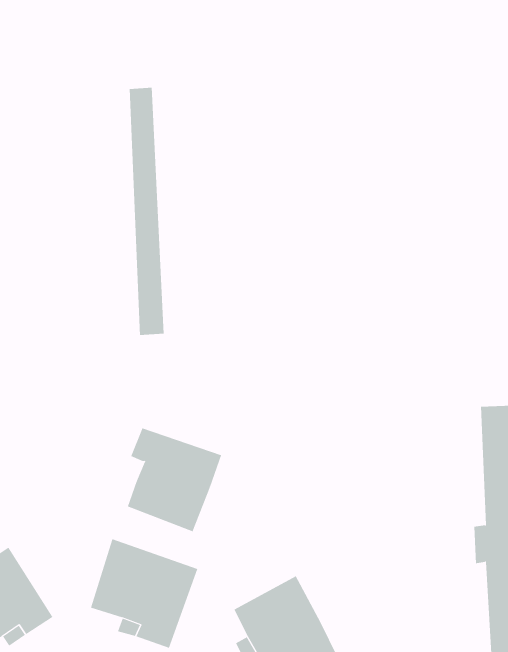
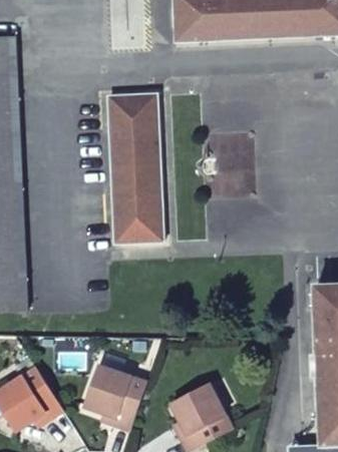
building: none -> [122,93,161,241]
building: [127,428,222,532] -> none

